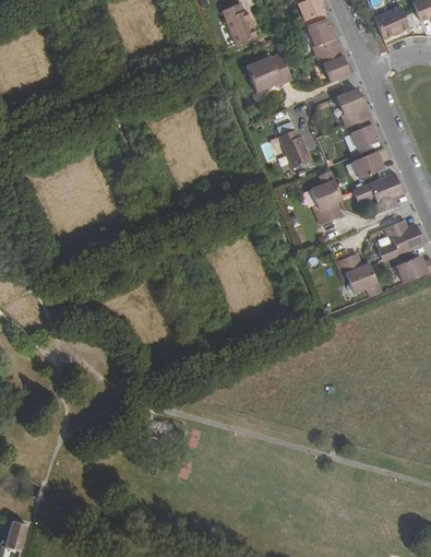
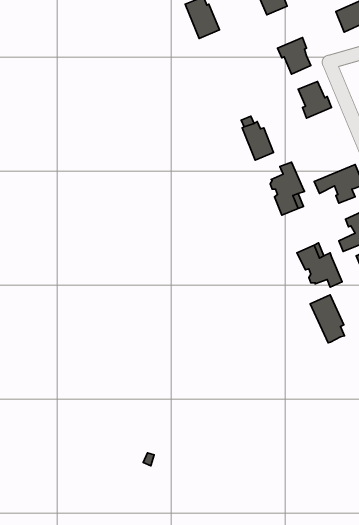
building: [308,20,340,55] -> none
building: [246,52,292,92] -> none
building: [345,115,379,150] -> none
building: [352,147,387,179] -> none
building: none -> [310,295,345,343]

